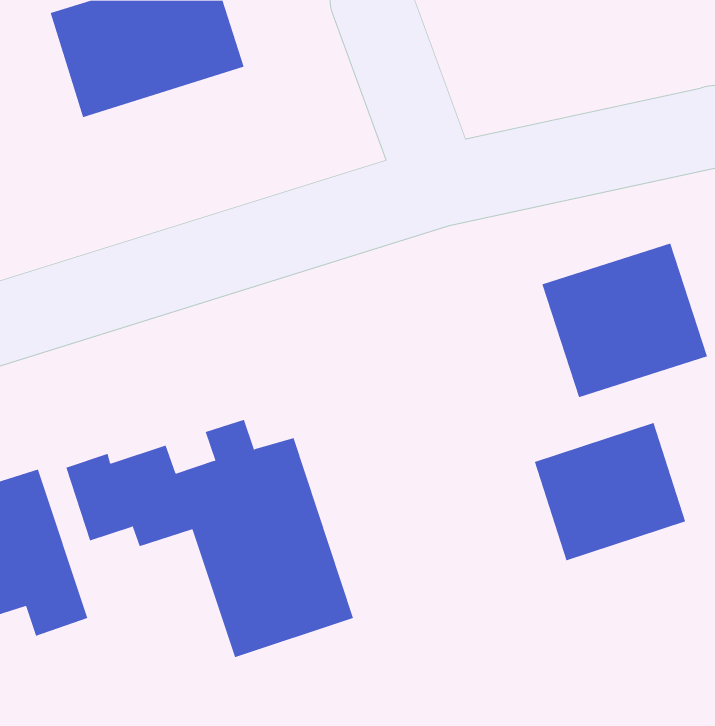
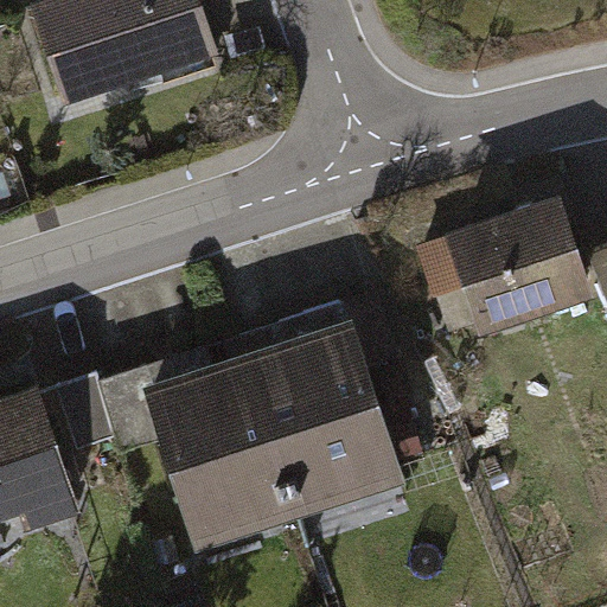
building: none -> [245,304,402,516]
building: [534,422,686,561] -> none

